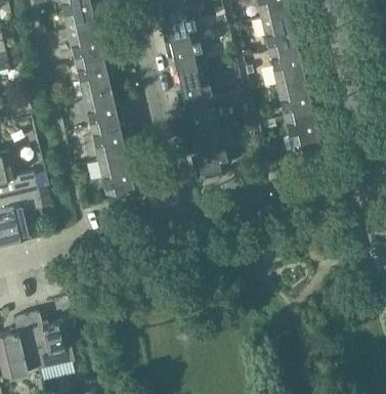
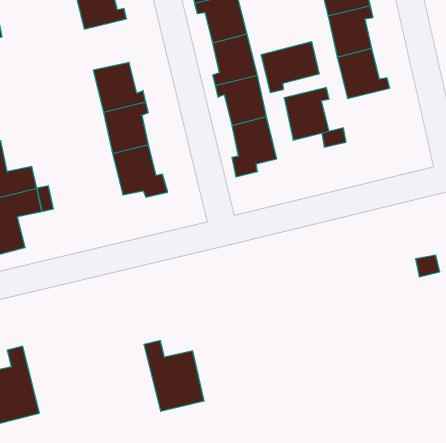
building: [75,53,111,94] -> none
building: none -> [261,42,319,93]
building: [285,108,320,150] -> [284,88,329,140]
building: [26,311,74,367] -> [144,341,204,411]

